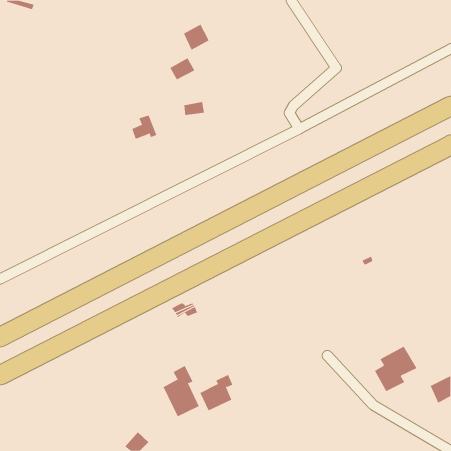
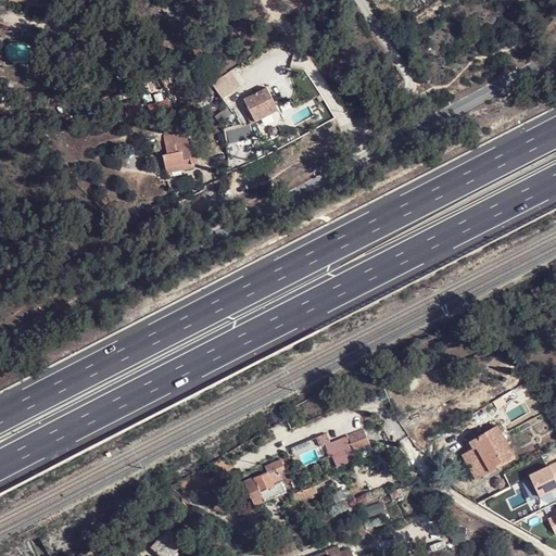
building: [183,24,210,50] -> [247,86,279,118]
building: none -> [315,429,369,458]
building: [163,365,199,417] -> none

